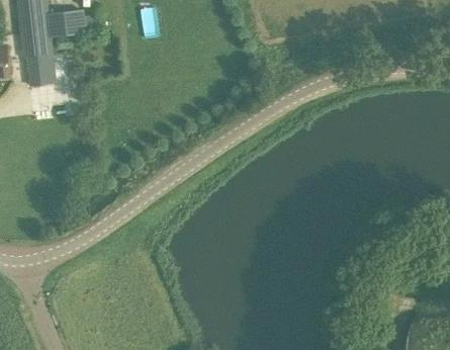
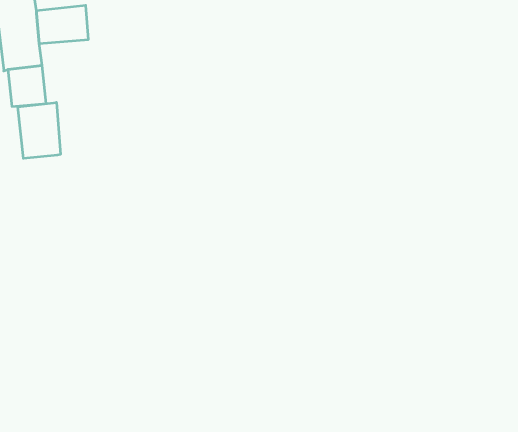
building: none -> [18,102,60,158]

